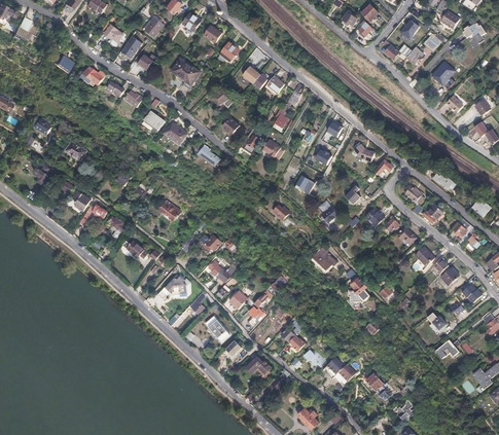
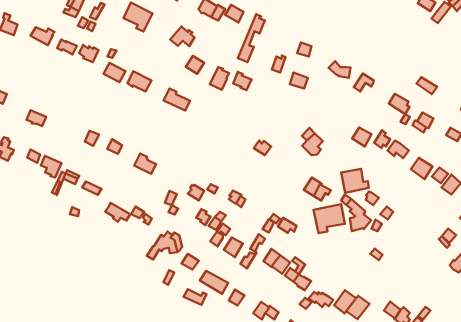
building: none -> [341,169,369,193]
building: none -> [314,204,345,233]

